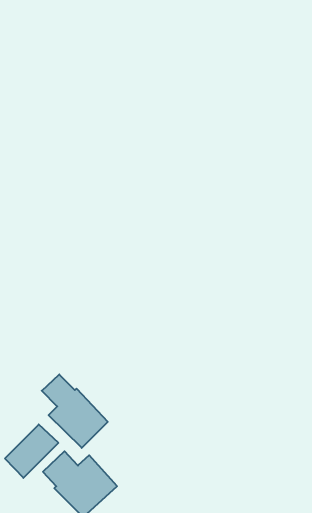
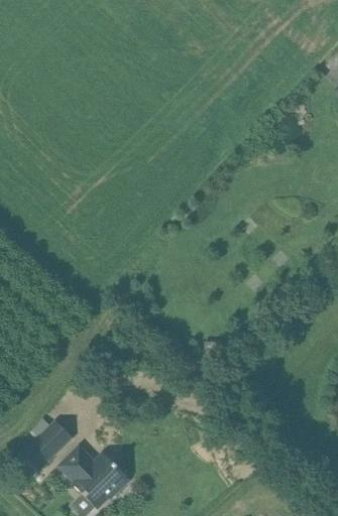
building: [42,374,108,448] -> none

